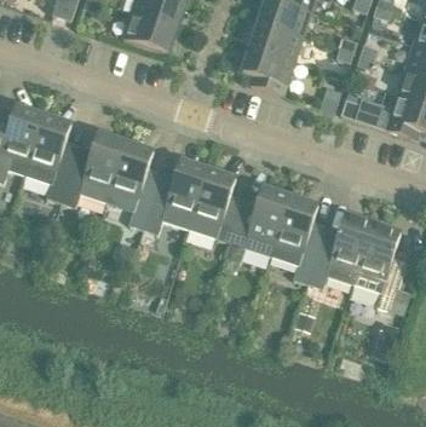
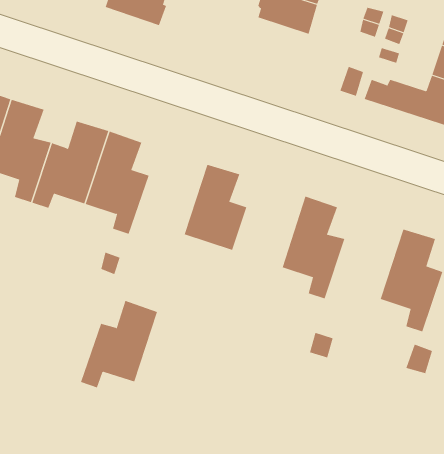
building: [240,45,294,94] -> none
building: [143,158,208,232] -> [80,300,158,388]
building: [225,186,290,260] -> none
building: [307,213,373,287] -> none

